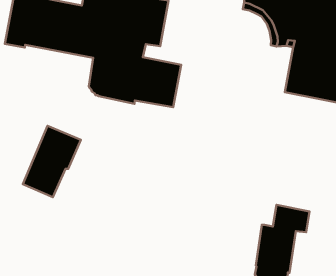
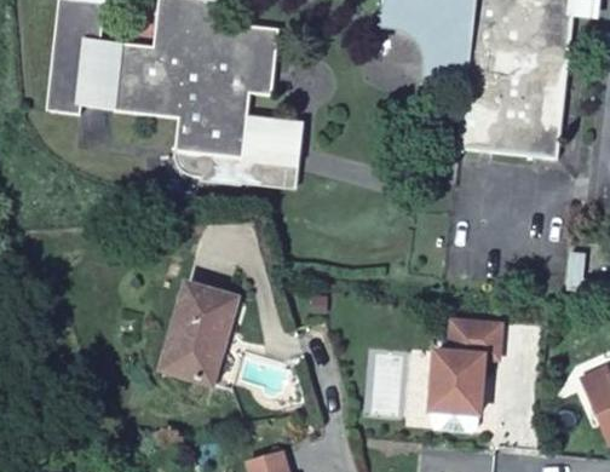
building: [23,126,81,197] -> [163,278,241,380]

